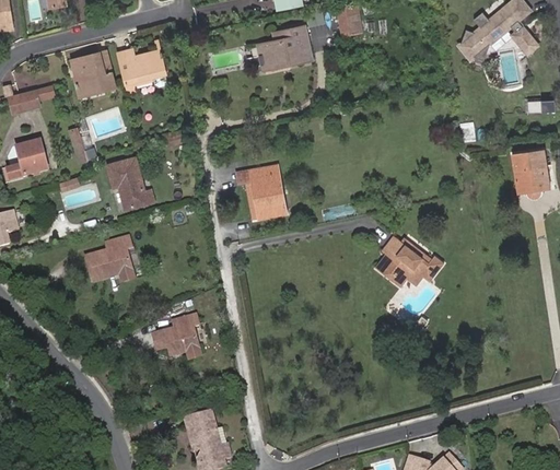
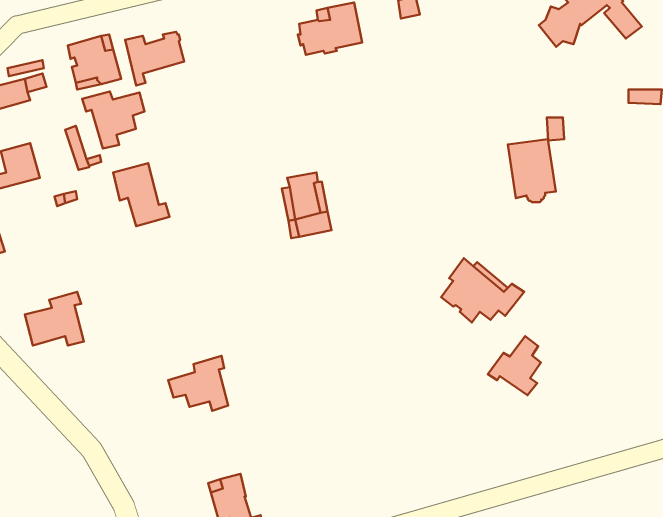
building: none -> [82,91,144,148]
building: [511,145,550,197] -> [508,139,556,202]
building: [85,237,133,281] -> [25,292,84,345]
building: none -> [488,336,541,395]

